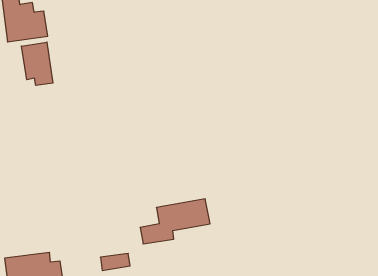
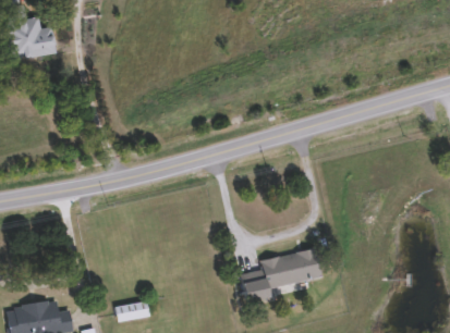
building: [21,42,53,85] -> none
building: [140,199,210,244] -> [243,249,323,300]

